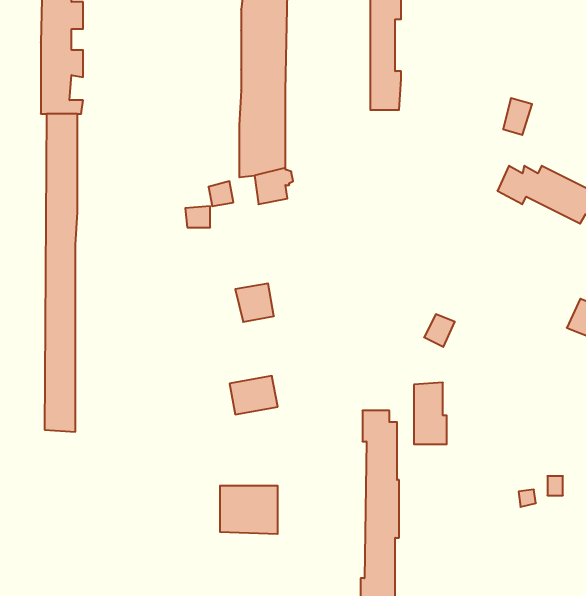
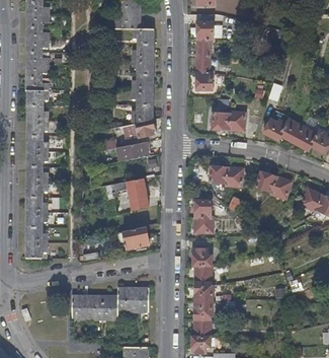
building: none -> [213,112,245,130]
building: none -> [119,142,150,161]
building: none -> [211,166,243,186]
building: none -> [256,171,291,198]
building: [414,383,447,444] -> [195,199,213,231]
building: none -> [73,295,118,320]

